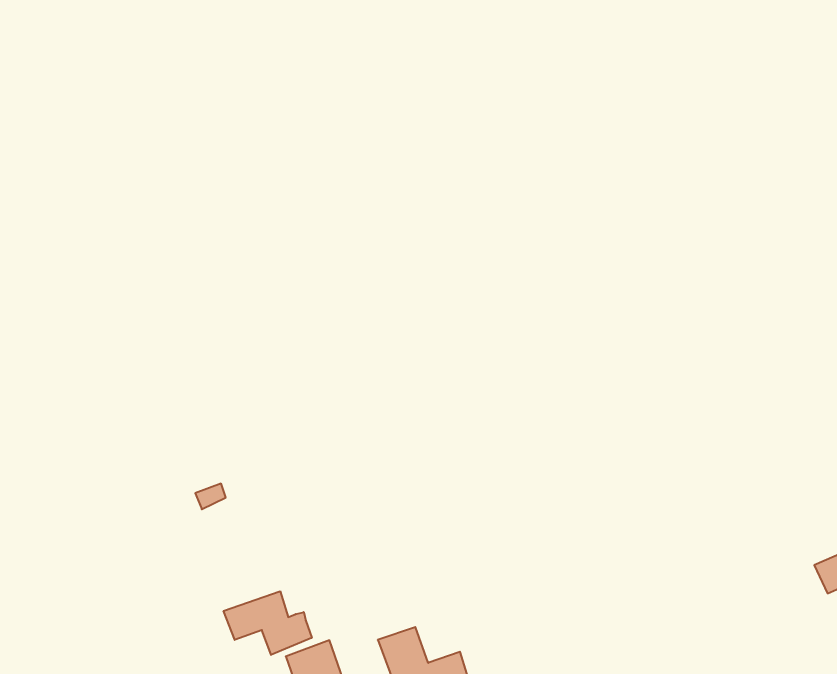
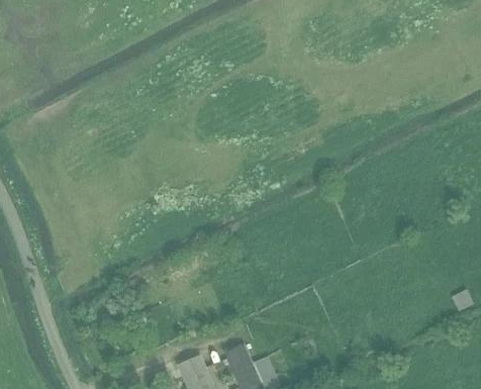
building: [224,591,312,655] -> none

